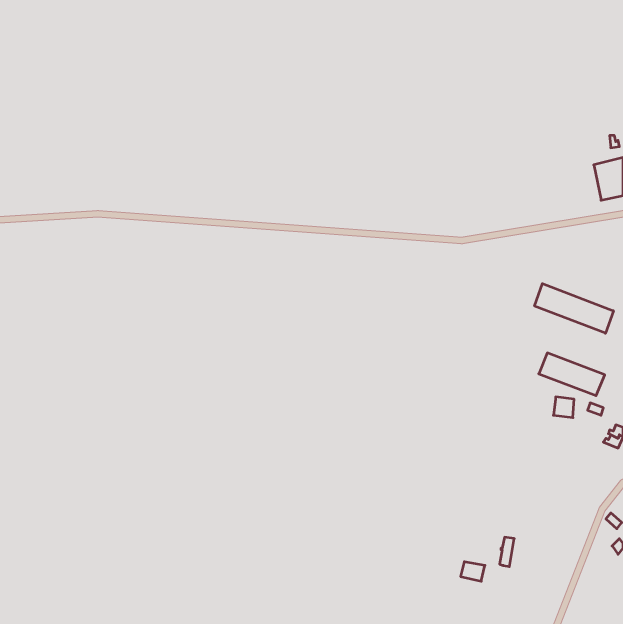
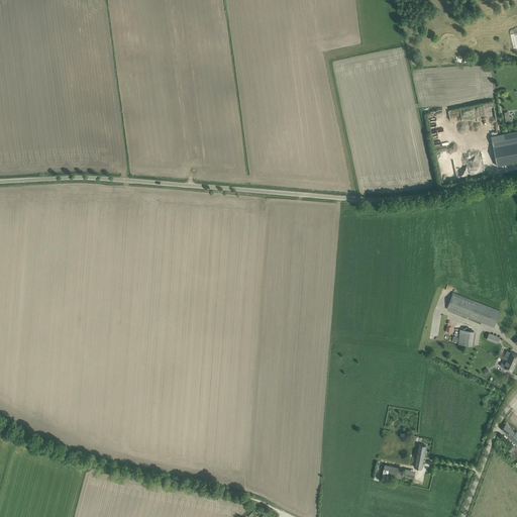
building: [535,284,613,333] -> none

